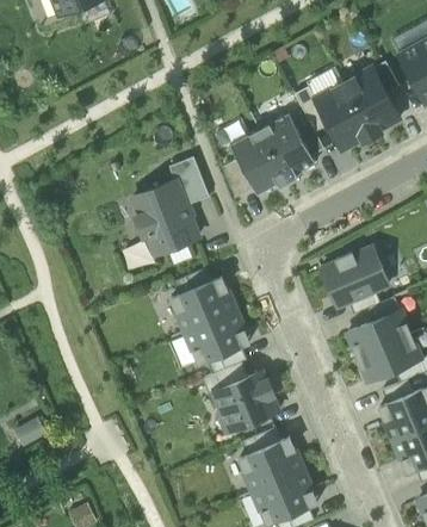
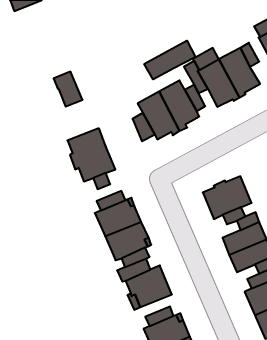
building: none -> [144,41,196,79]
building: [169,156,210,205] -> [54,72,83,107]

